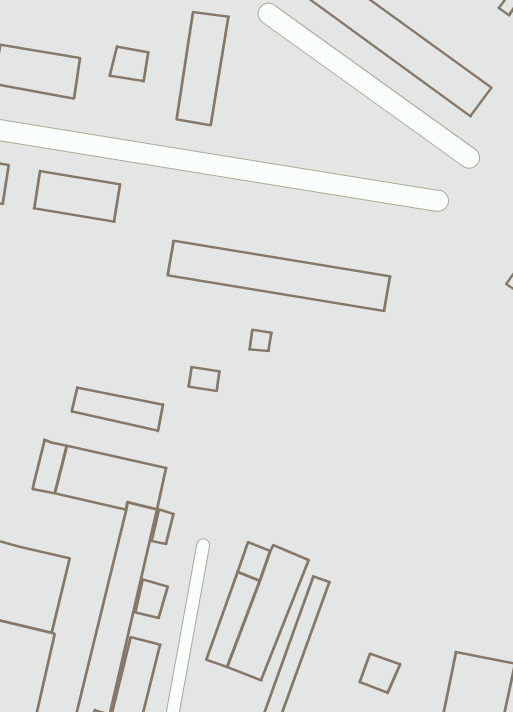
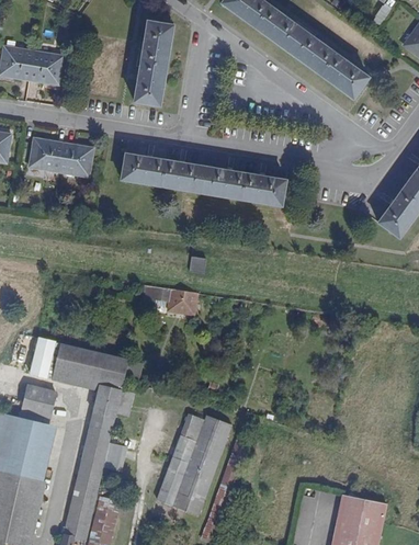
building: [110,46,148,81] -> none
building: [168,241,390,311] -> [122,154,286,205]
building: none -> [168,287,195,311]
building: [72,387,163,431] -> none
building: none -> [20,383,54,416]
building: [360,654,400,693] -> none

